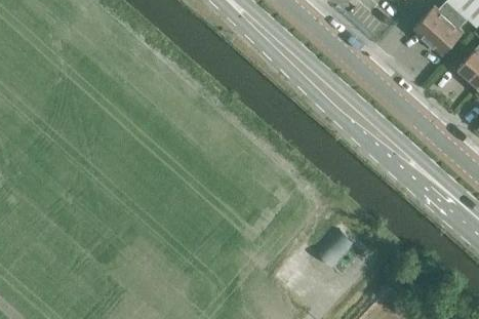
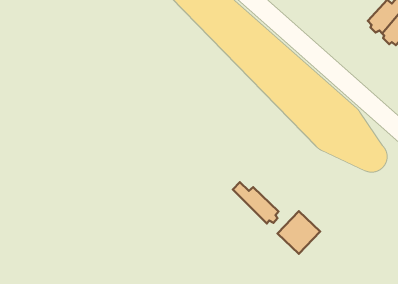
building: none -> [233,182,279,223]

